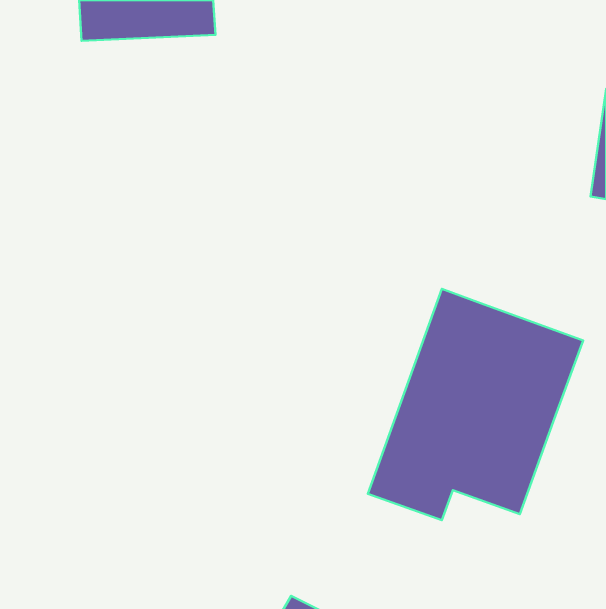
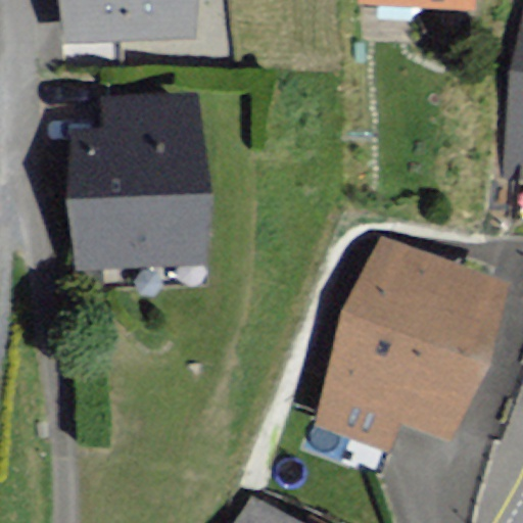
building: none -> [76,104,193,263]

